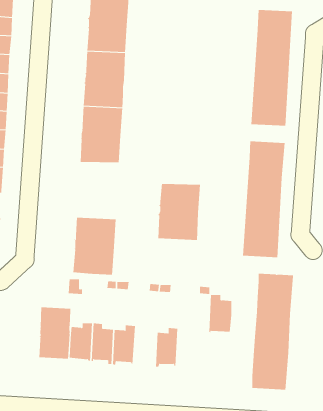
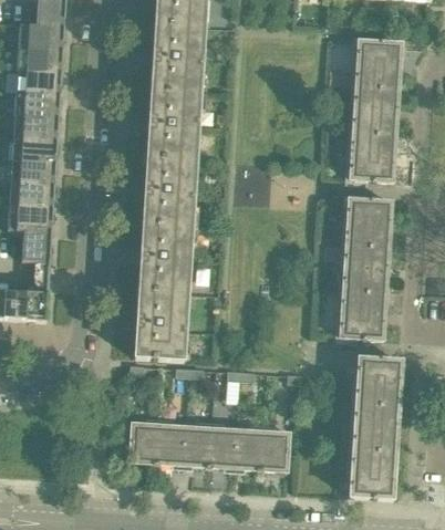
building: [158,183,201,240] -> [138,224,190,292]
building: [208,294,232,333] -> [259,424,288,470]
building: [39,307,71,359] -> none
building: none -> [207,420,236,470]

